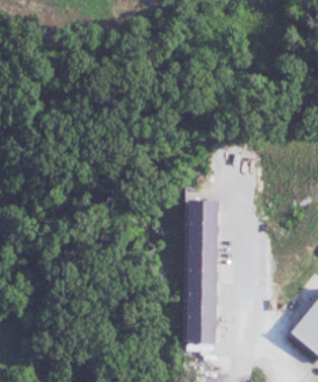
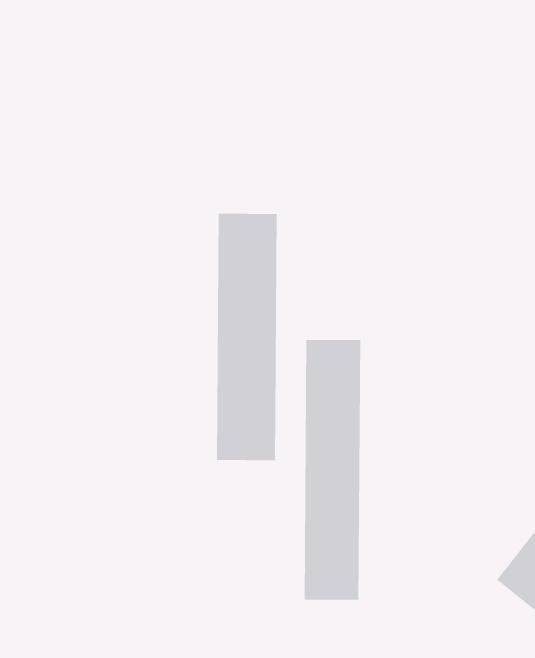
building: none -> [216,213,278,461]

